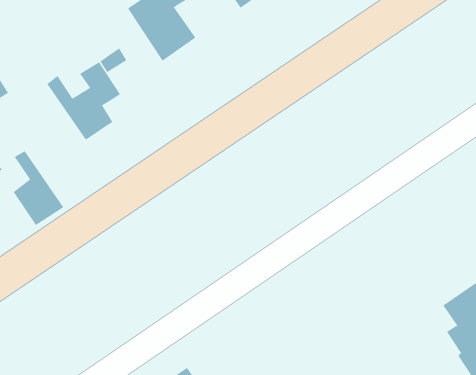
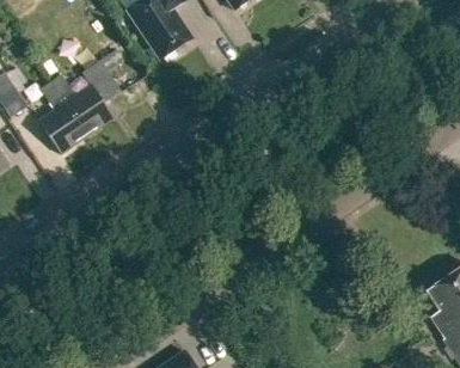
building: [13,151,64,226] -> [39,81,88,153]

